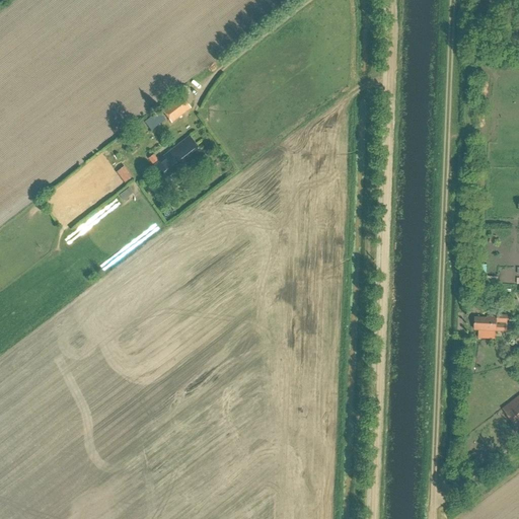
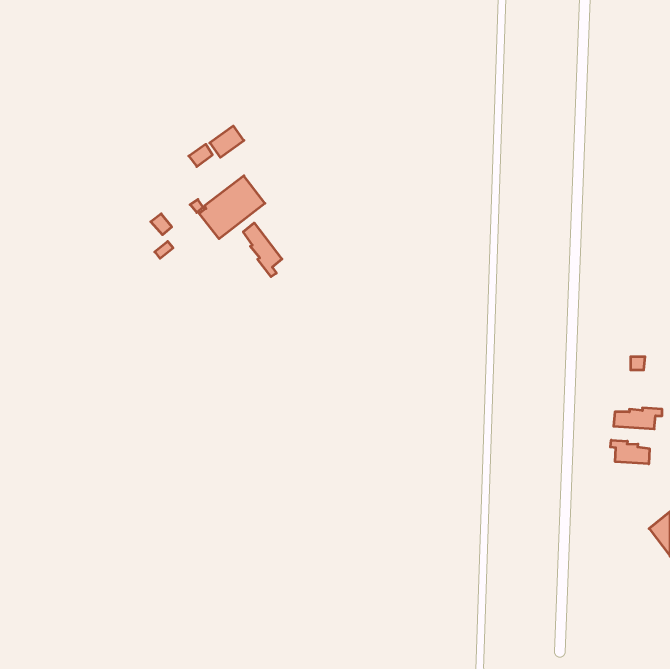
building: none -> [243,223,282,277]
building: none -> [610,440,649,464]

